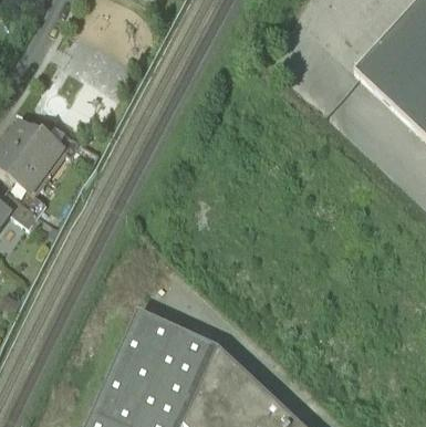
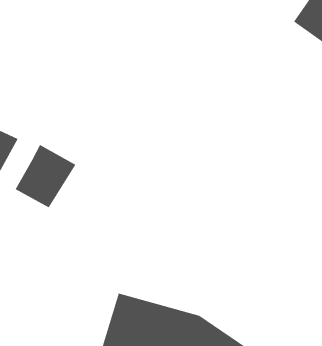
building: none -> [15,144,76,208]

